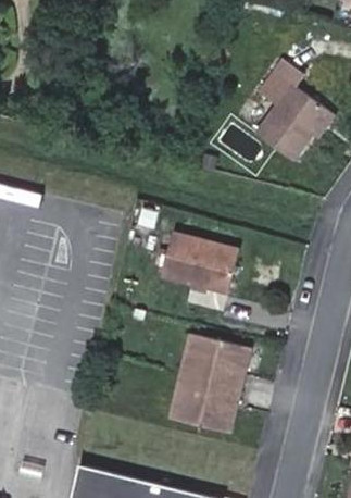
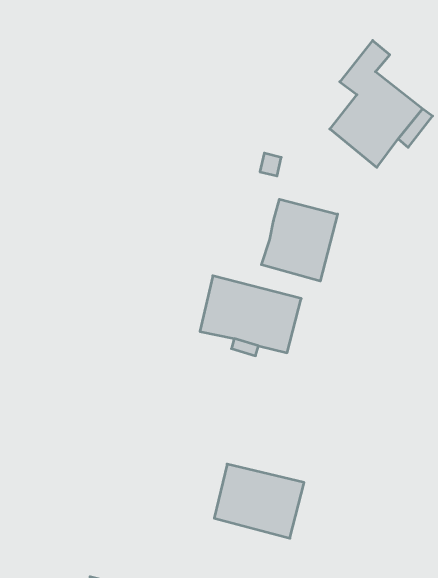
building: none -> [261,199,338,281]
building: [181,336,250,391] -> none

